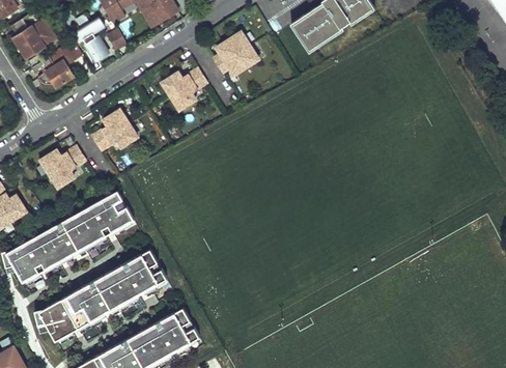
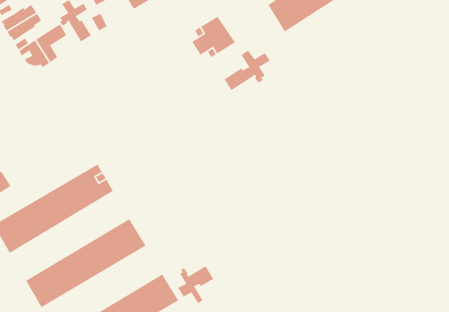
building: none -> [223,50,271,91]
building: [160,70,207,113] -> none
building: [91,111,137,152] -> none
building: [38,149,84,190] -> none
building: none -> [177,265,214,304]

